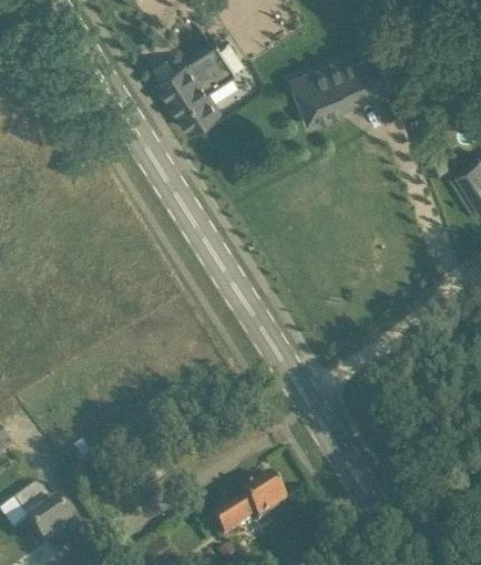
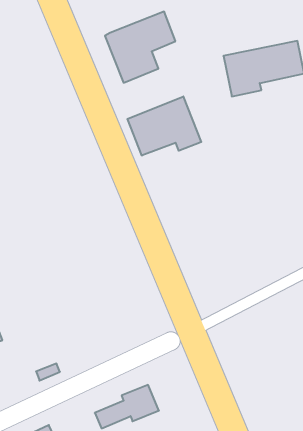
building: none -> [127,96,201,156]

